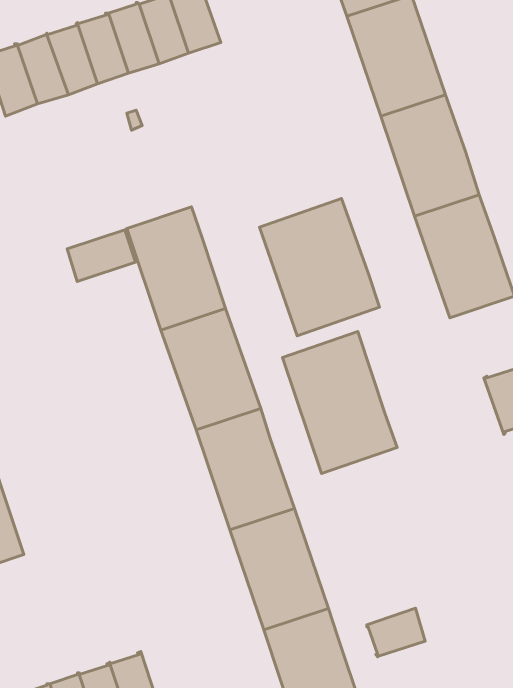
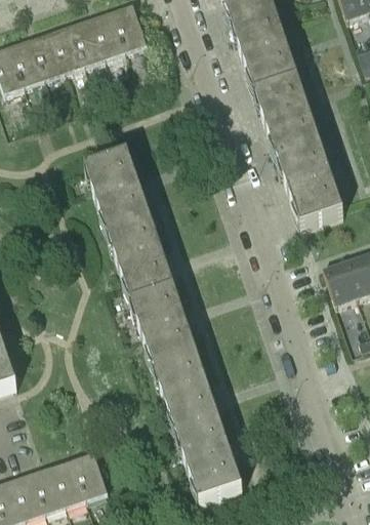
building: [259,199,379,336] -> none
building: [67,229,136,282] -> none
building: [282,331,397,473] -> none
building: [367,608,425,657] -> none

